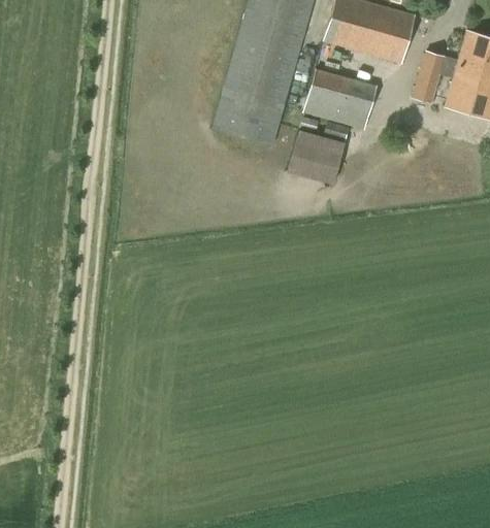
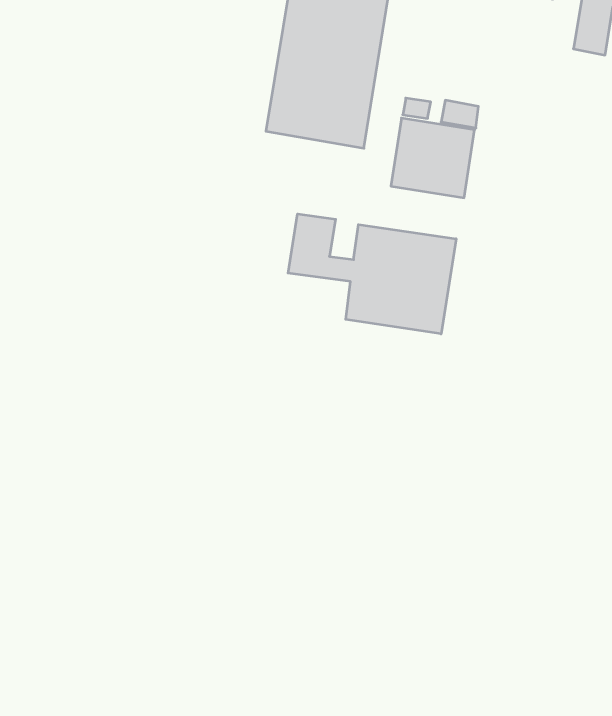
building: [304,68,377,128] -> none
building: none -> [288,214,456,334]

